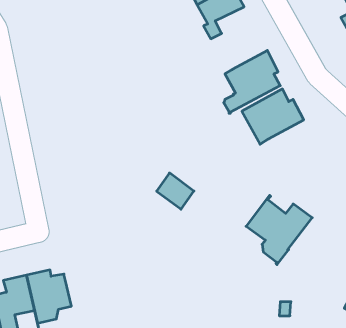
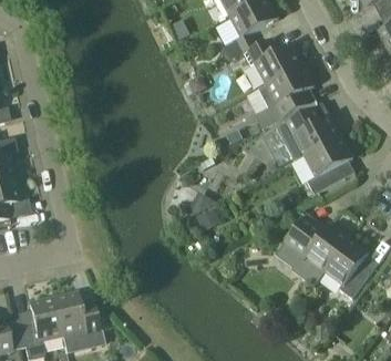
building: none -> [245,38,303,84]
building: none -> [296,136,356,194]
building: none -> [325,238,378,298]

